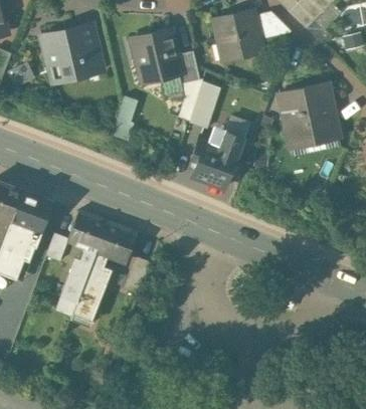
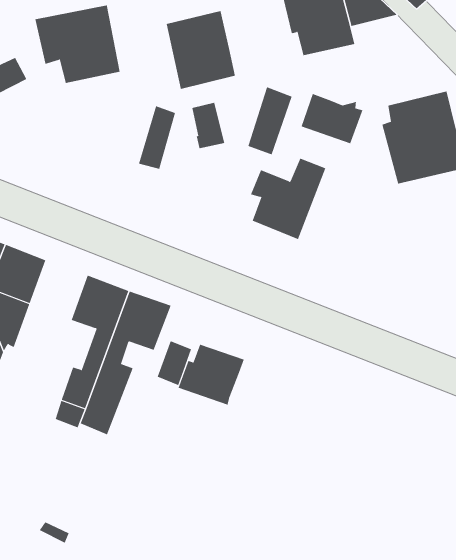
building: [176,51,199,83] -> [192,102,225,149]
building: none -> [301,93,363,144]
building: none -> [178,344,245,405]

